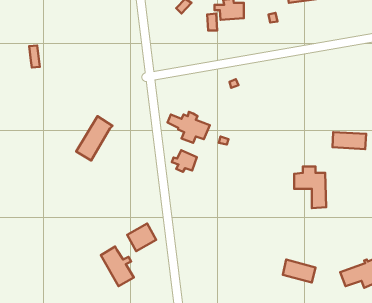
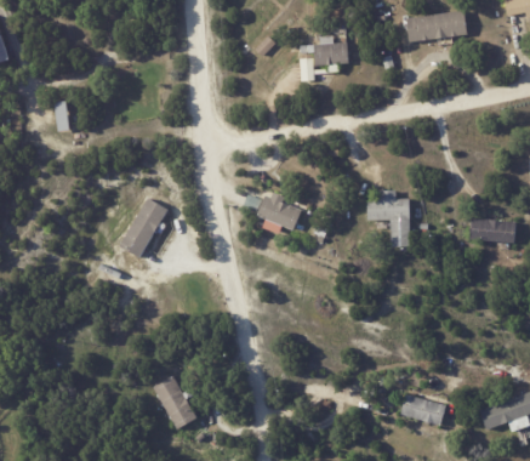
building: [172,150,197,172] -> none
building: [294,167,326,208] -> [367,190,411,247]
building: [127,223,156,251] -> none

